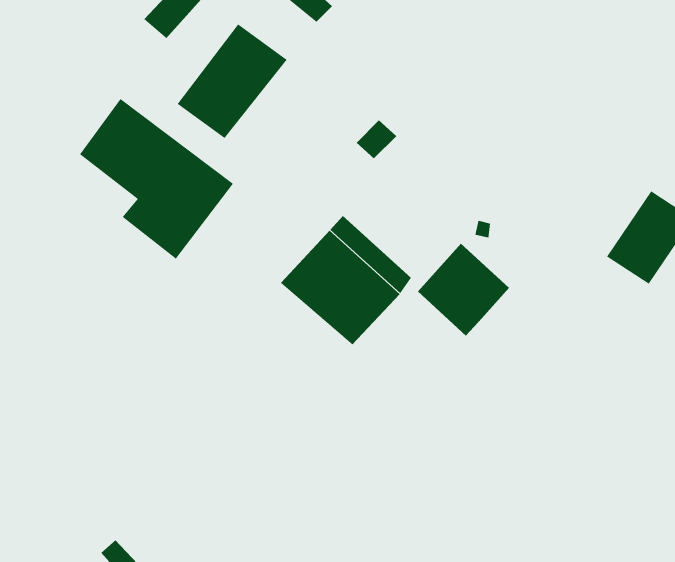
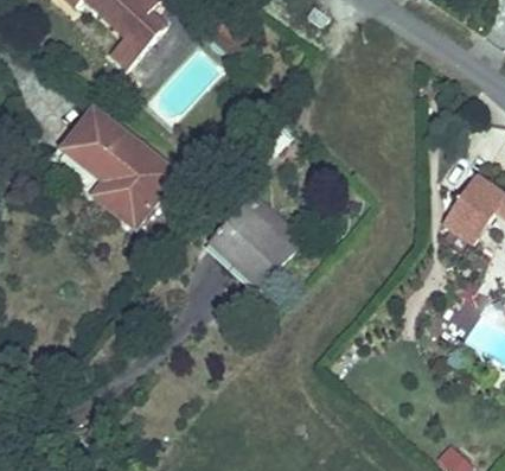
building: [177,24,287,139] -> none
building: [417,243,510,336] -> none

